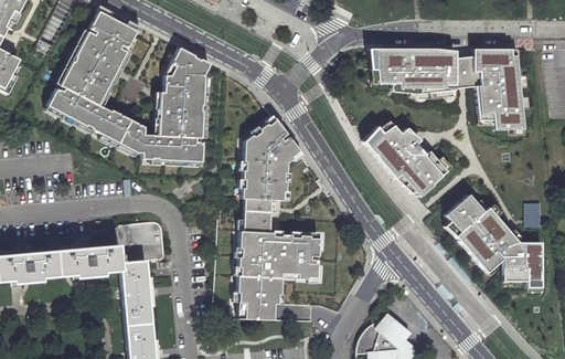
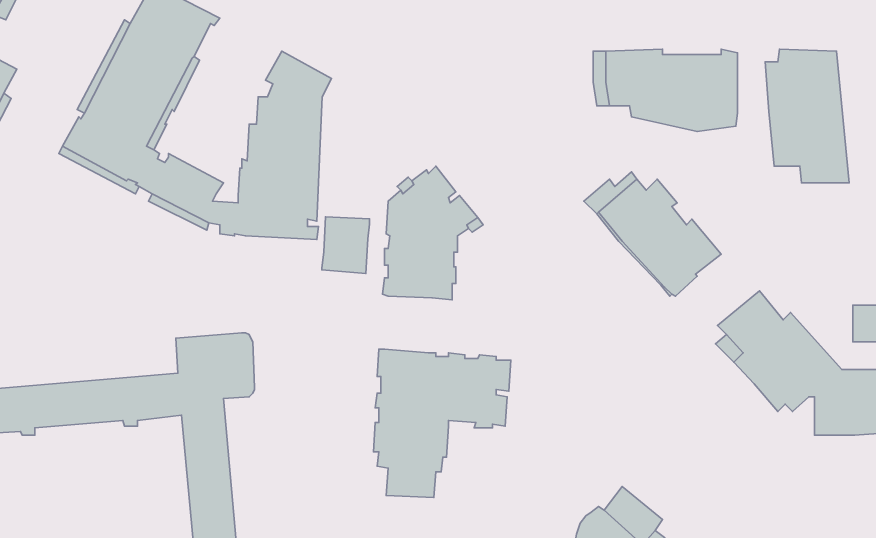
building: [456,56,475,87] -> none
building: [243,198,271,232] -> [322,217,370,274]

